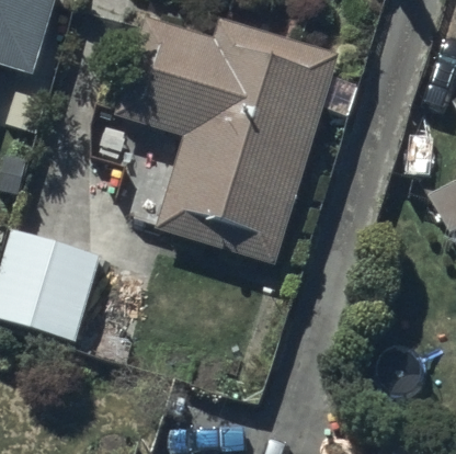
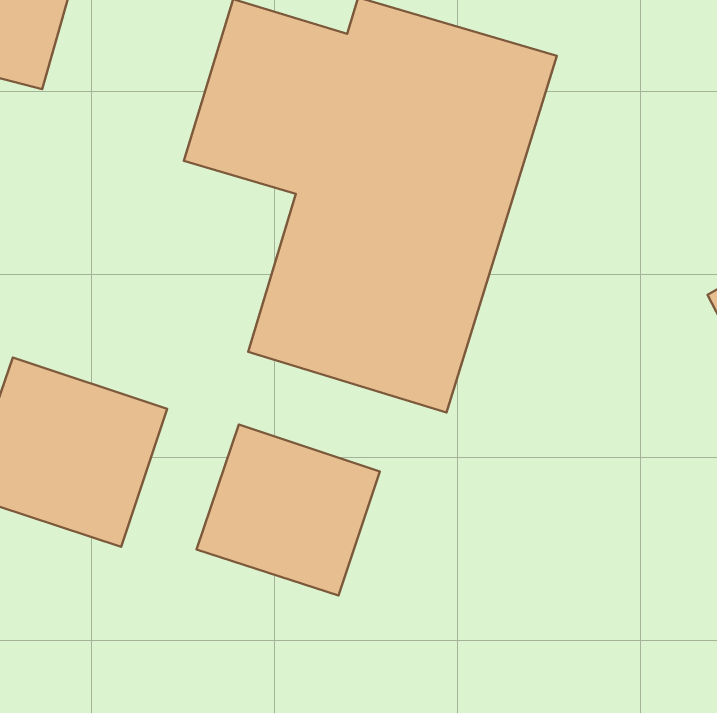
building: none -> [197,425,380,595]

